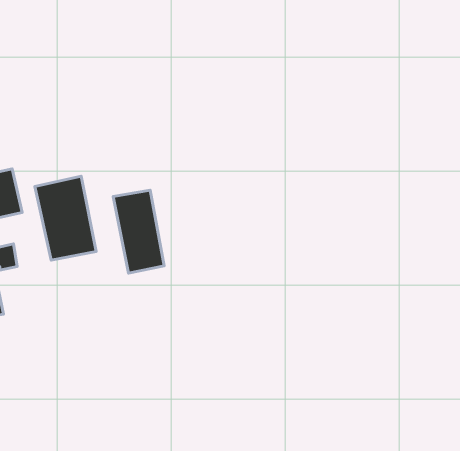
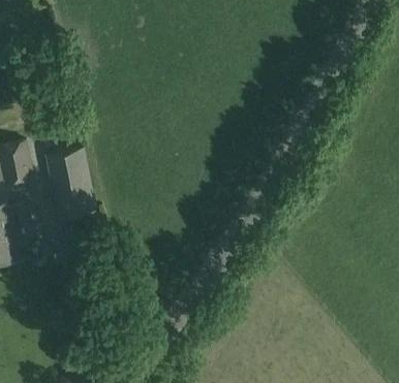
building: [113,190,164,273] -> none

